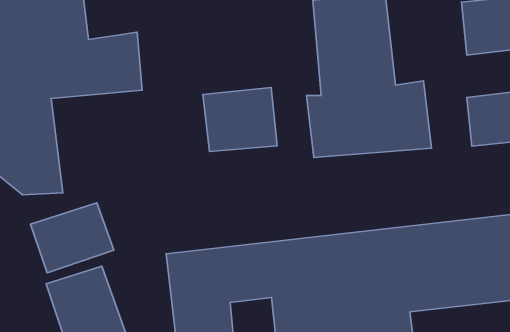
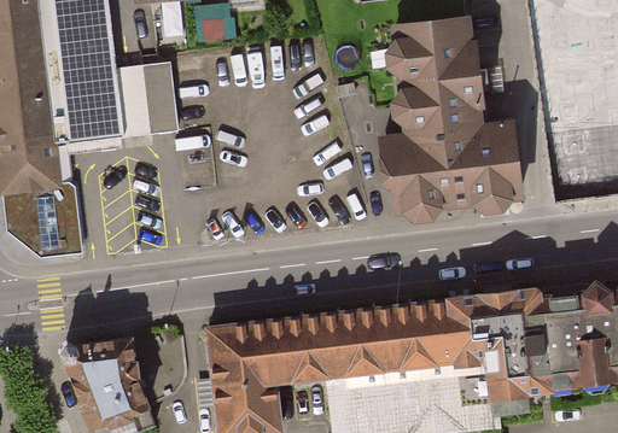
building: [203,88,277,151] -> none
building: [30,203,114,273] -> none

